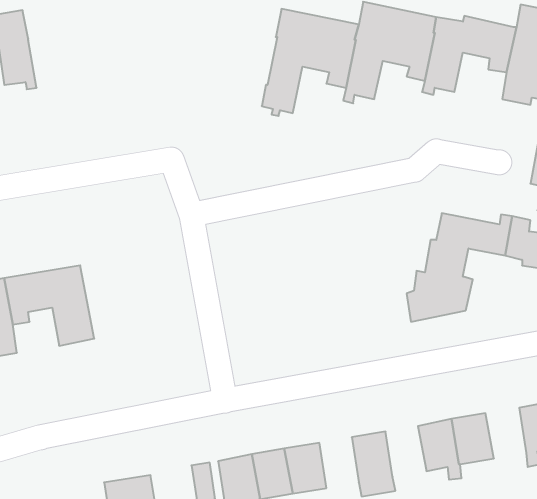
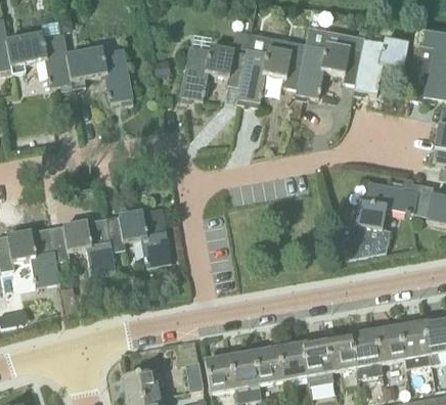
building: none -> [179,45,248,103]
building: none -> [66,47,133,105]
building: none -> [104,208,170,266]
building: none -> [399,321,430,368]
building: none -> [326,334,356,371]
building: none -> [278,343,307,379]

